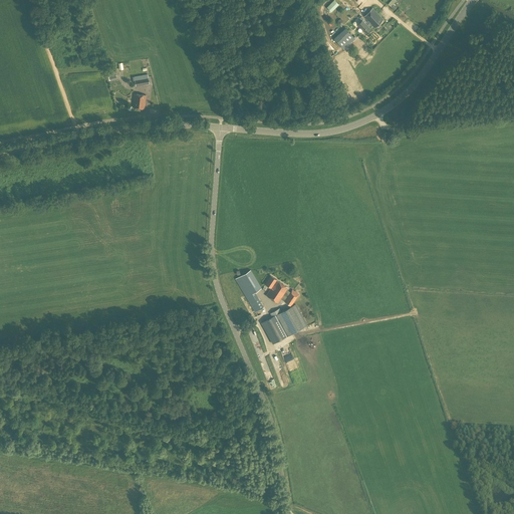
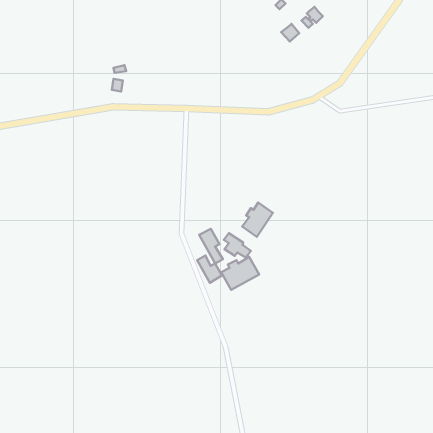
building: none -> [242,202,273,237]
building: none -> [197,256,222,283]

